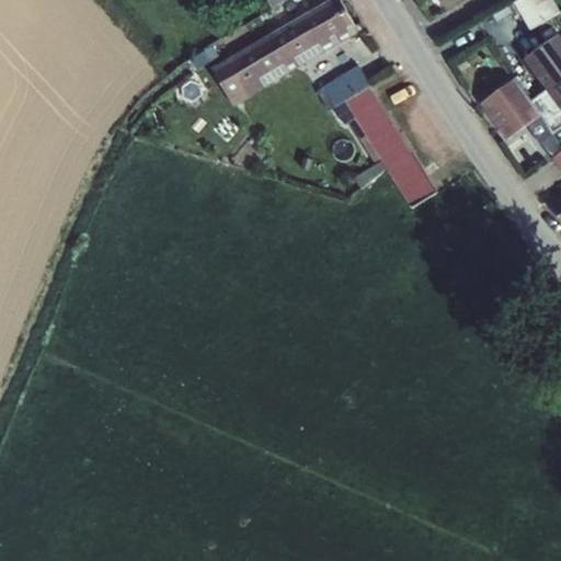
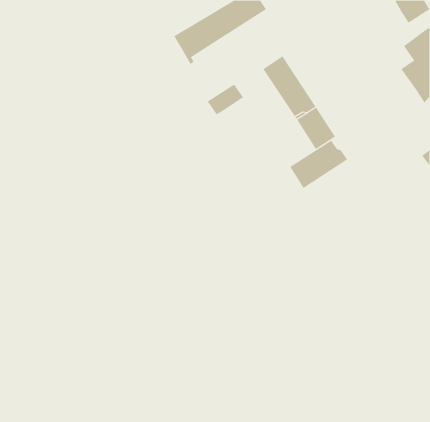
building: [320,66,368,106] -> [207,84,244,115]
building: [479,91,552,154] -> none
building: none -> [289,140,348,189]

